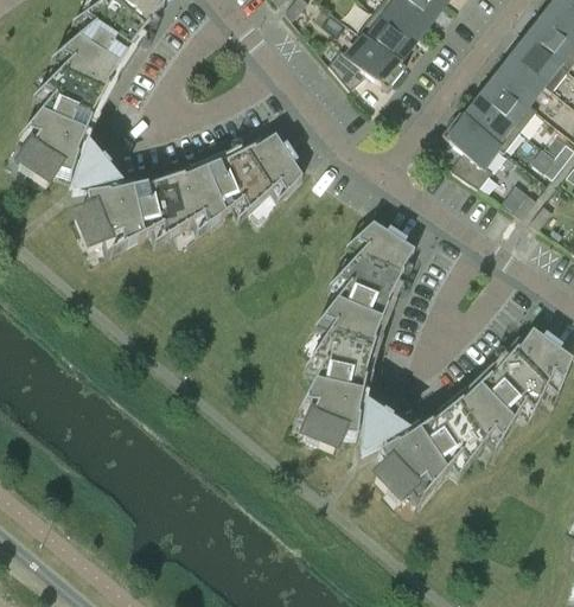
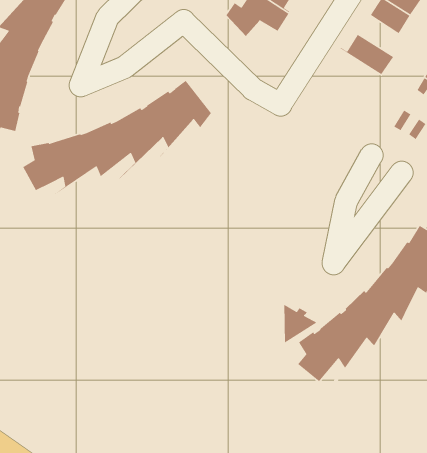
building: [480,76,536,127] -> none
building: [441,111,504,185] -> none
building: [71,146,117,190] -> none
building: [292,219,414,447] -> none

